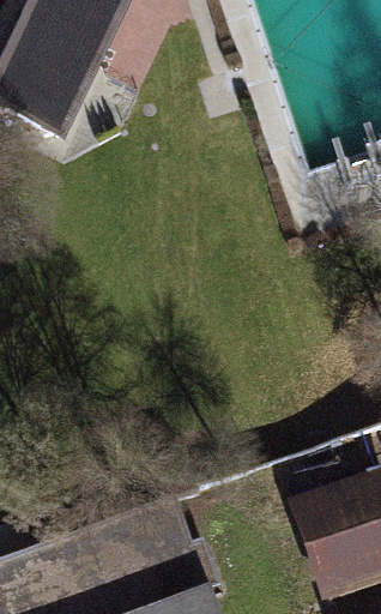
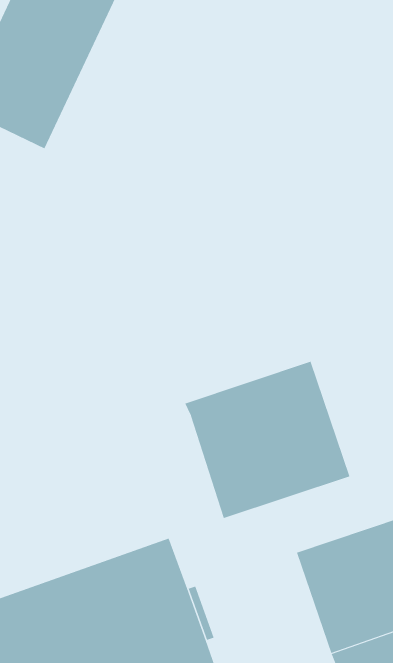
building: none -> [184,361,350,519]

